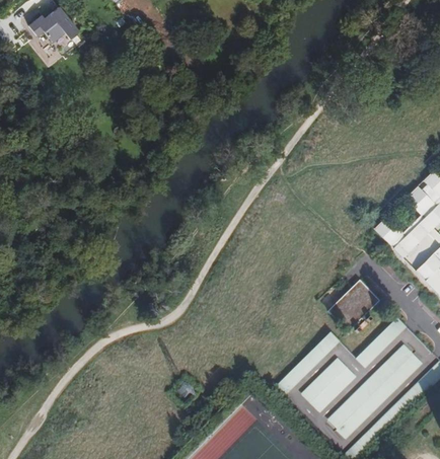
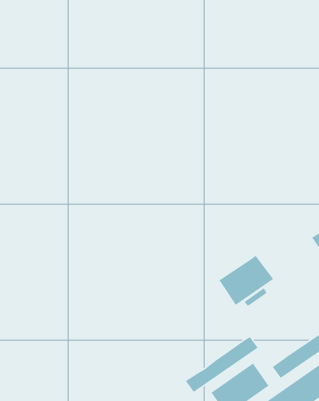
building: [328,280,381,331] -> [218,255,274,306]

